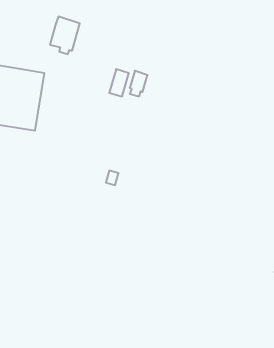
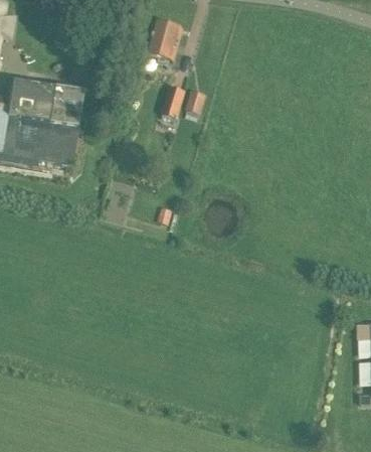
building: [50,17,80,54] -> [146,20,181,64]

